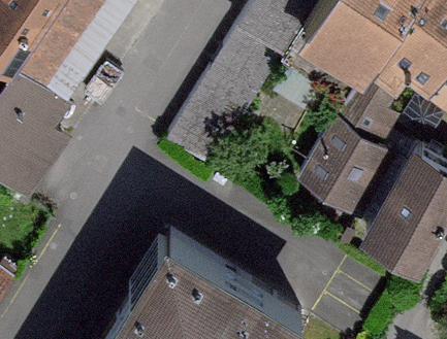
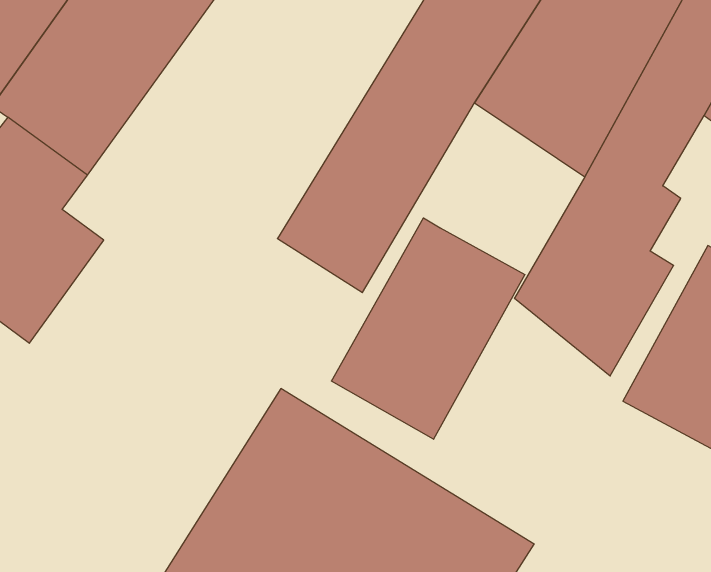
building: none -> [331,218,525,439]

